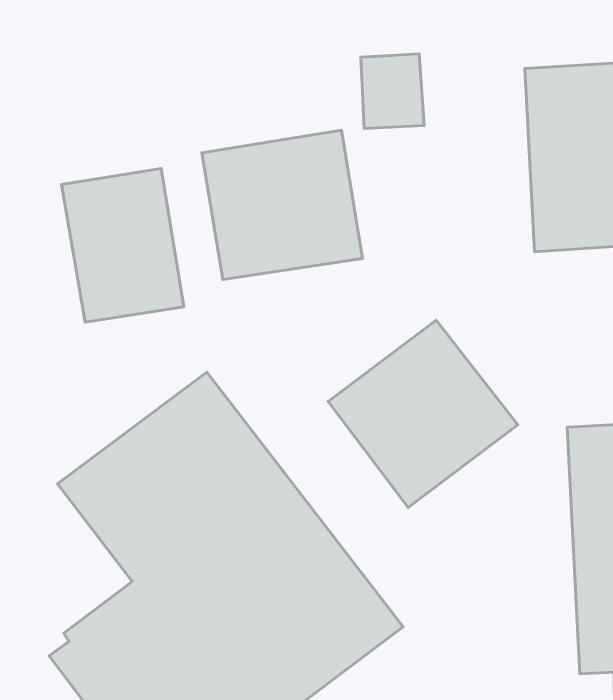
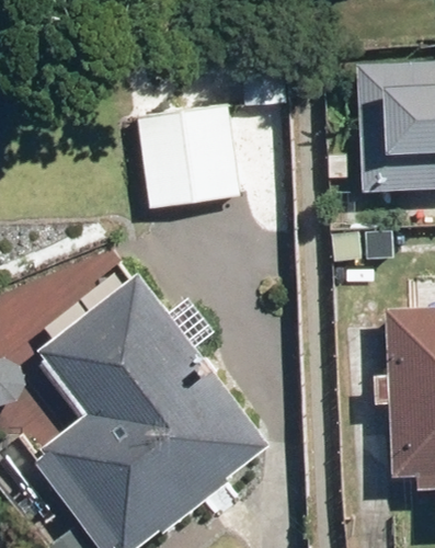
building: [62,168,184,322] -> none
building: [328,320,518,507] -> none

